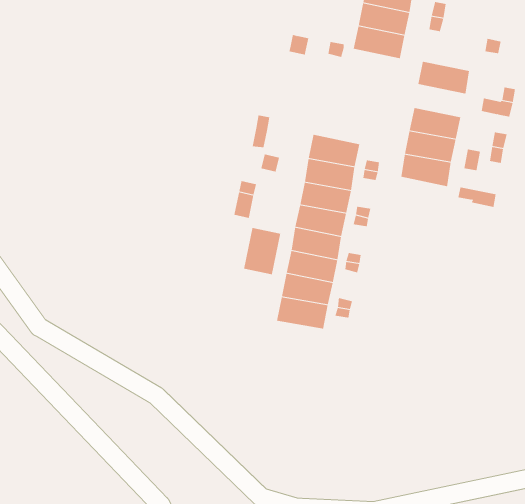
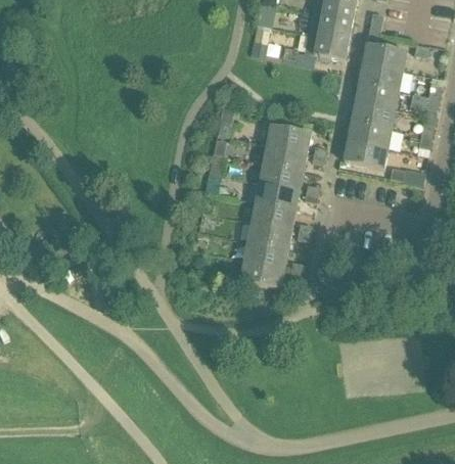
building: none -> [362,43,406,72]
building: none -> [355,83,399,110]
building: [244,227,281,275] -> none

